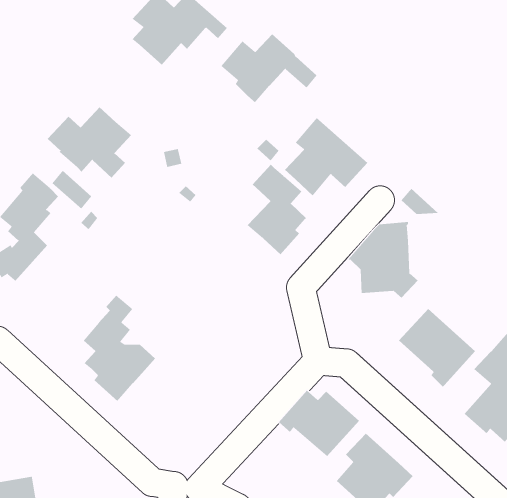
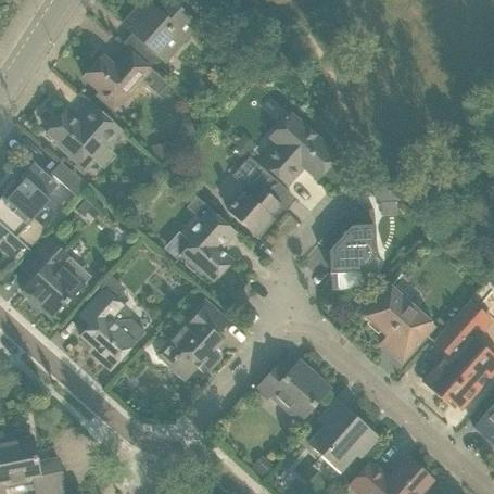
building: [221,33,318,103] -> [84,48,172,111]
building: none -> [180,195,237,281]
building: none -> [22,237,86,317]
building: none -> [157,299,230,379]

